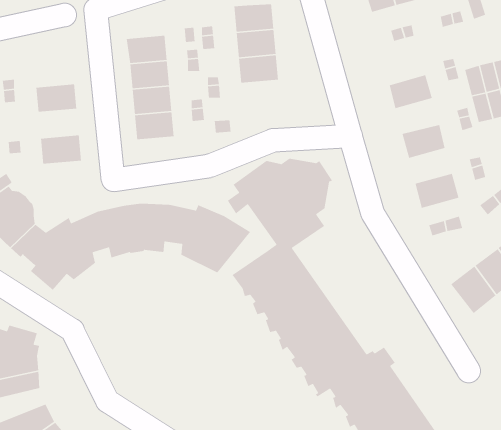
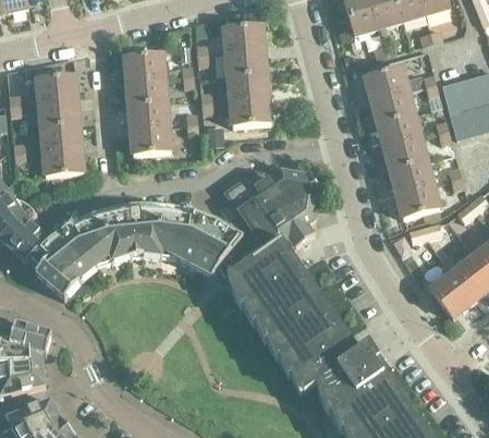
building: none -> [365,65,406,99]
building: none -> [37,73,76,101]
building: none -> [232,95,270,123]
building: none -> [377,112,419,145]
building: none -> [41,122,81,149]
building: none -> [390,159,431,192]

